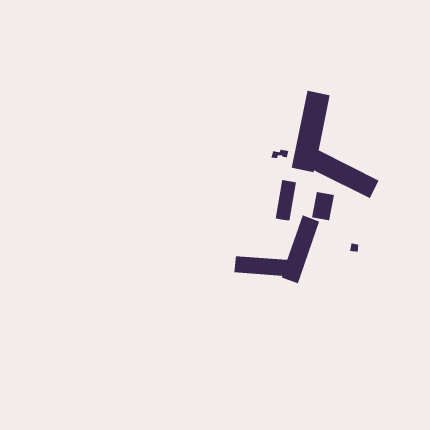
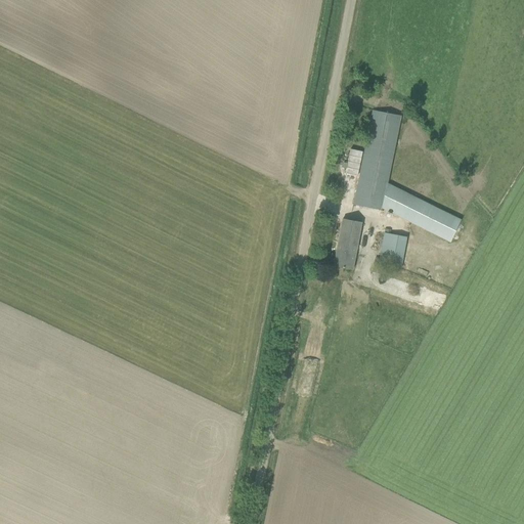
building: [234,215,320,284] -> none

